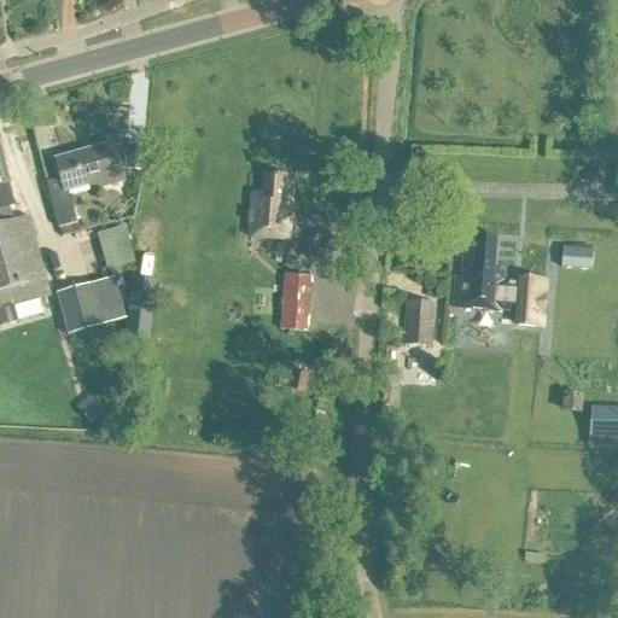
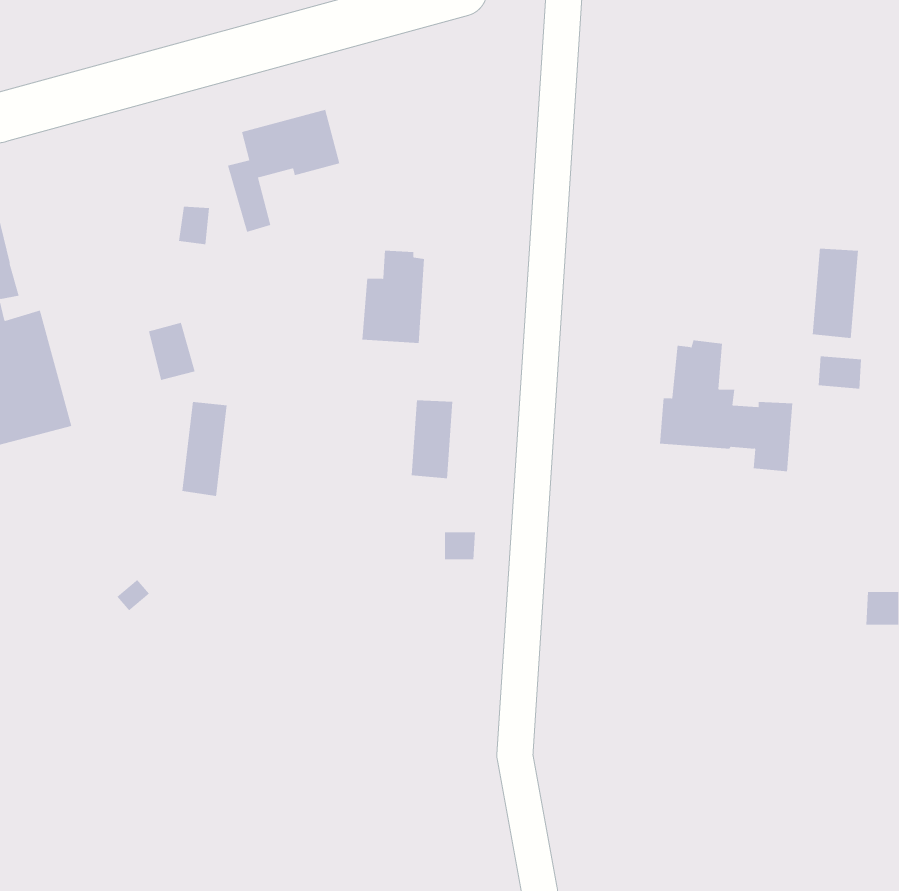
building: [45,140,122,225] -> [227,109,340,232]
building: none -> [812,248,859,339]
building: [54,279,119,333] -> none
building: [403,298,432,337] -> none

